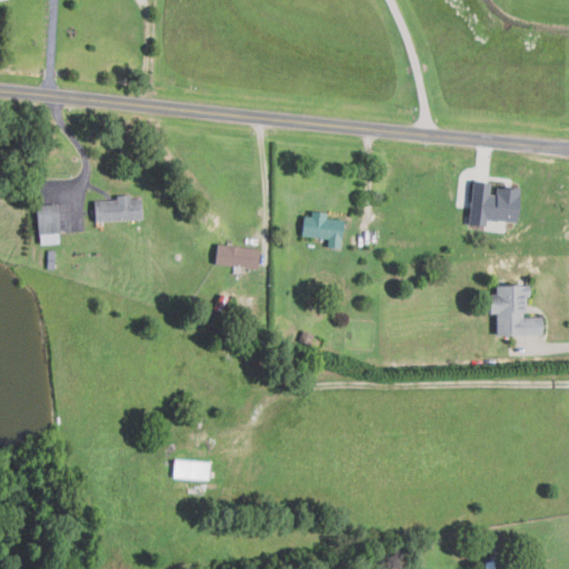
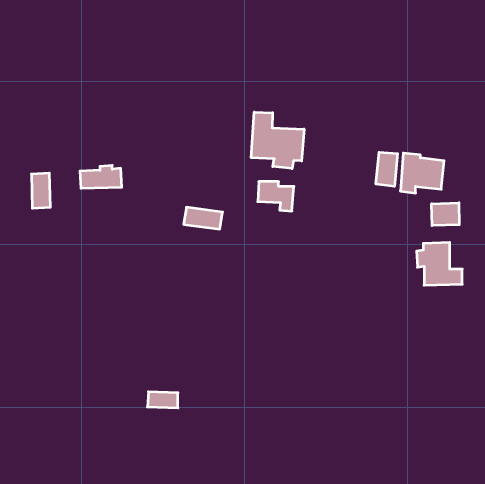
building: none -> [251,112,304,169]
building: none -> [376,152,398,186]
building: none -> [432,203,459,226]

